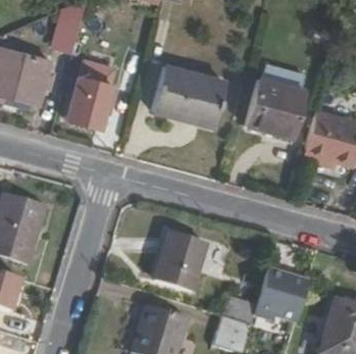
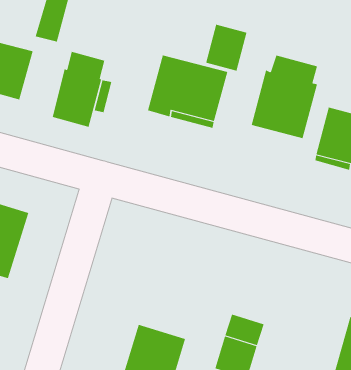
building: none -> [205,24,247,71]
building: [154,232,207,292] -> none
building: [259,267,310,322] -> none

